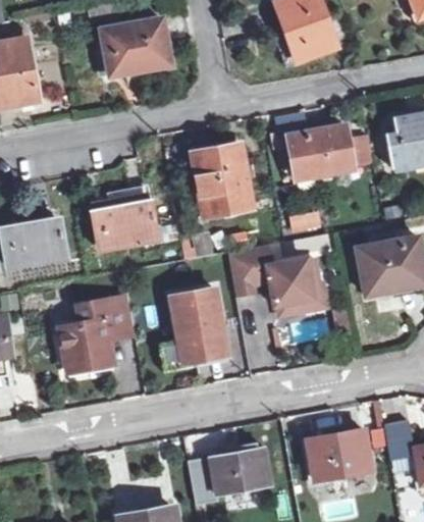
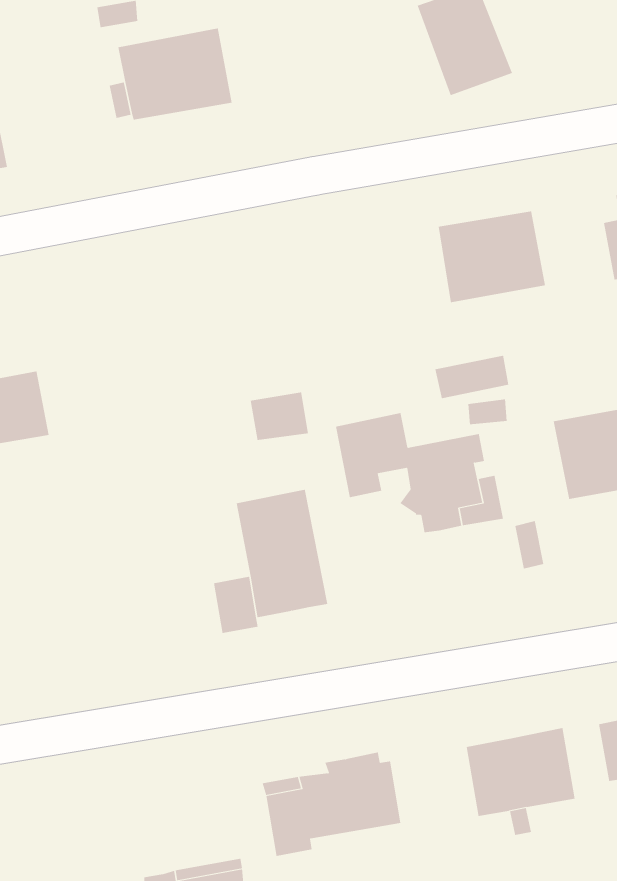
building: [193,145,252,215] -> none
building: [96,192,156,253] -> none
building: [61,297,132,369] -> none

